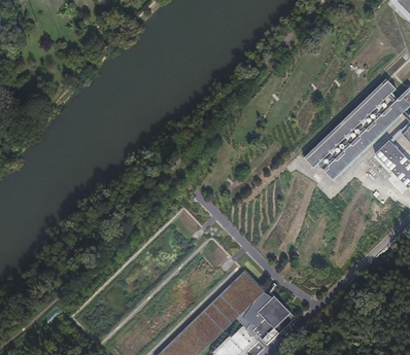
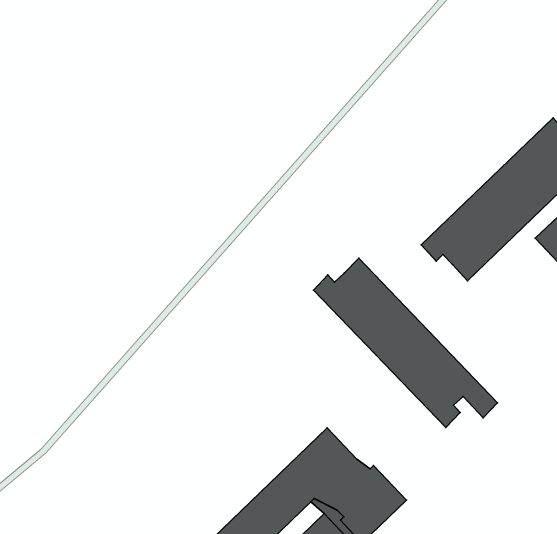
building: none -> [313,258,498,427]

